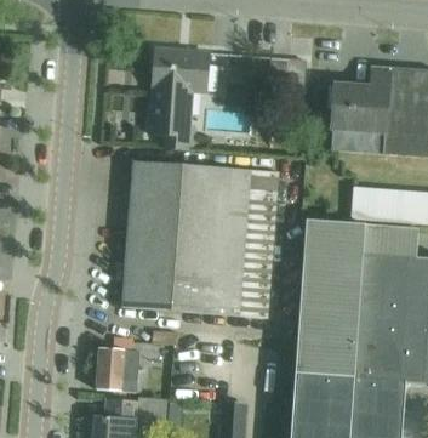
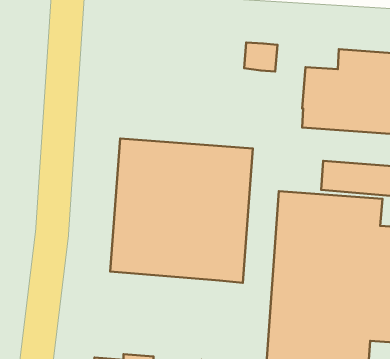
building: [149,49,209,150] -> none
building: [96,336,139,392] -> none

